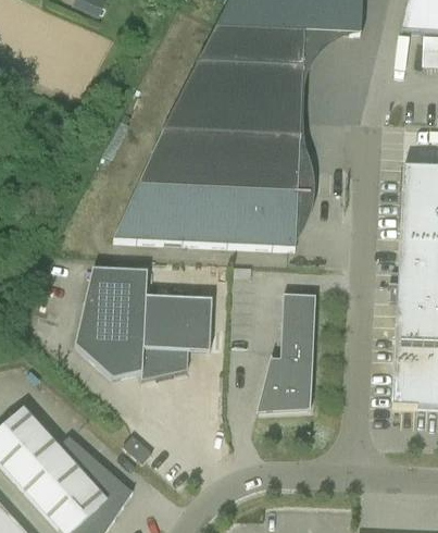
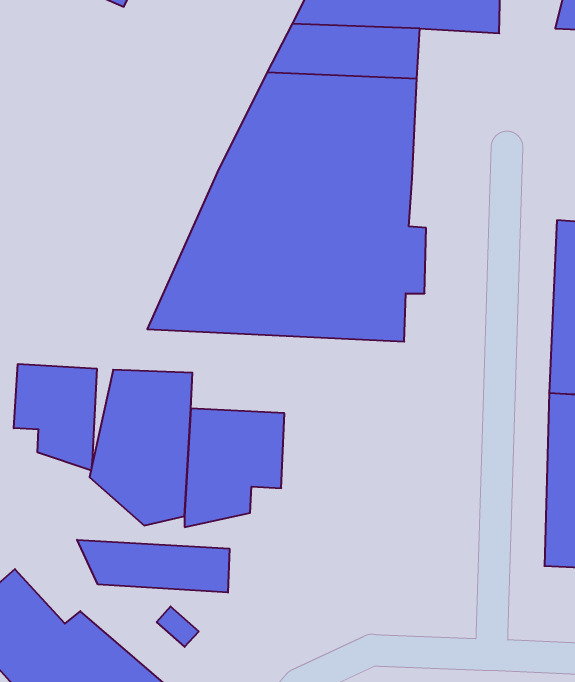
building: none -> [14,364,97,470]
building: [258,293,316,411] -> none
building: none -> [77,540,229,593]

